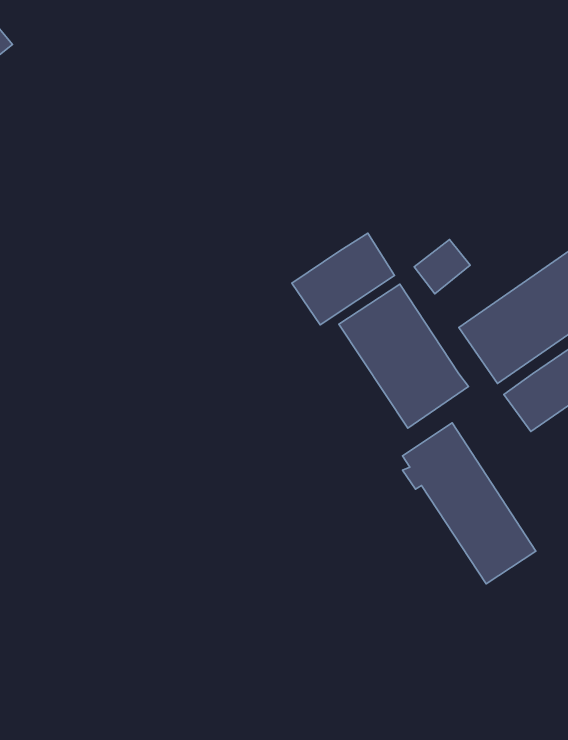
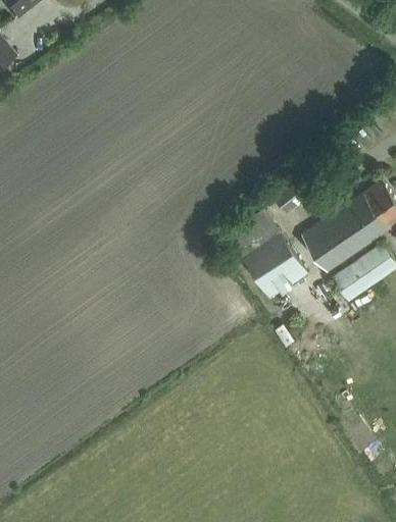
building: [292,233,394,325] -> none
building: [403,423,536,584] -> none

